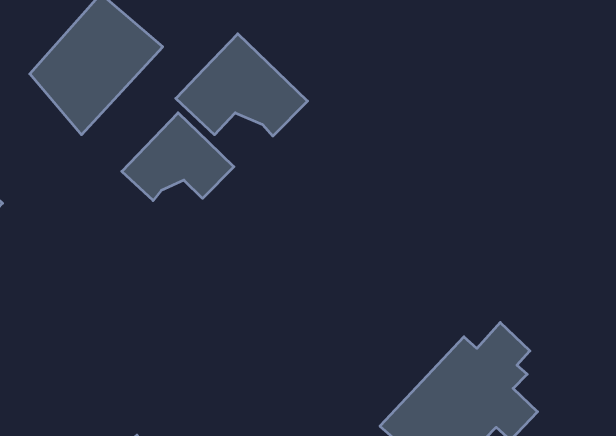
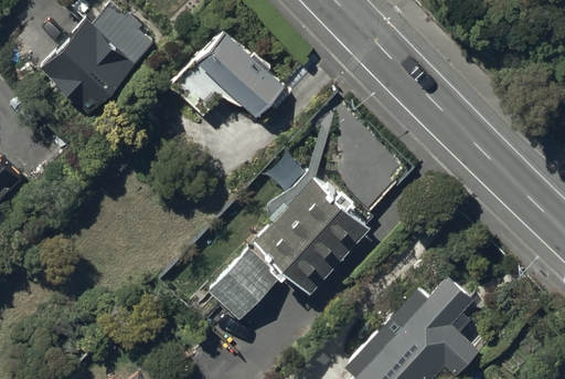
building: [122,113,234,201] -> none
building: none -> [205,179,369,323]

